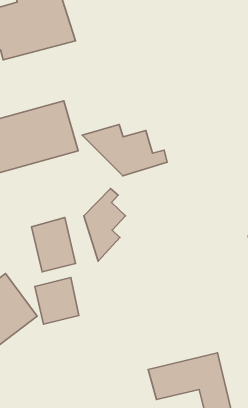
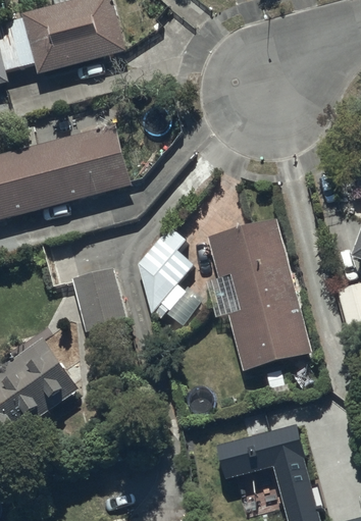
building: [82,125,167,176] -> none
building: none -> [206,217,312,369]
building: [35,278,79,324] -> none

